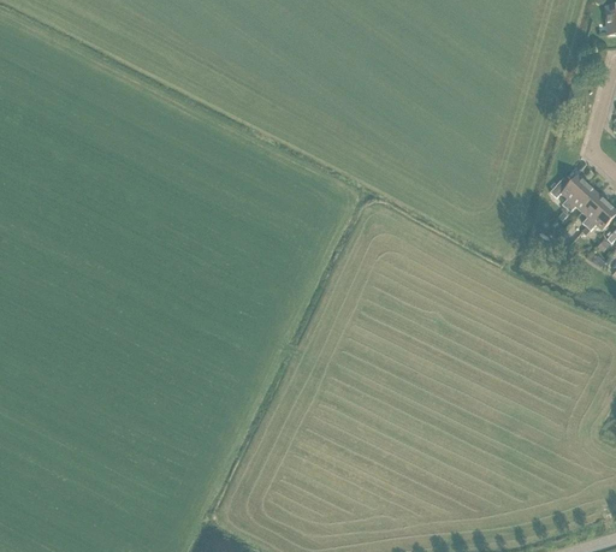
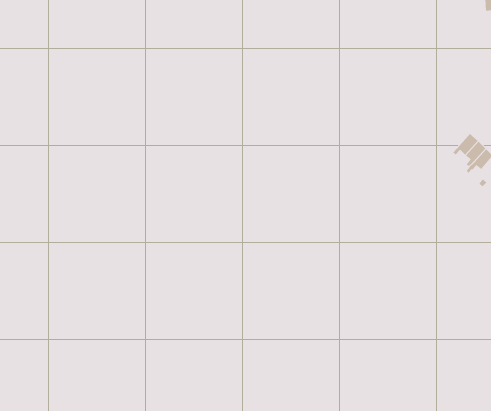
building: [551,174,588,208] -> none

